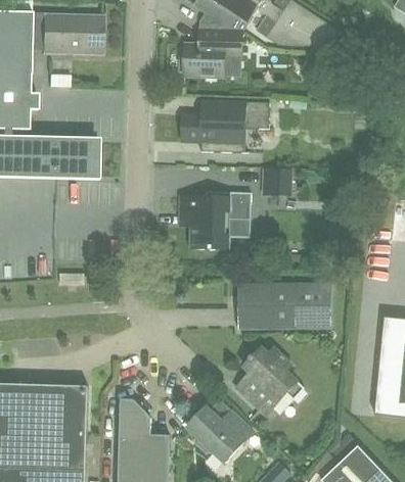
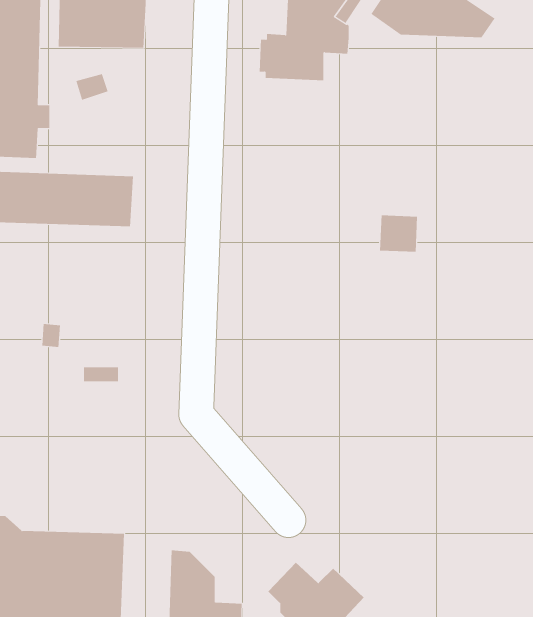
building: [181,100,269,151] -> none
building: [179,191,251,249] -> none
building: [237,283,330,329] -> none
building: [239,347,304,415] -> none

